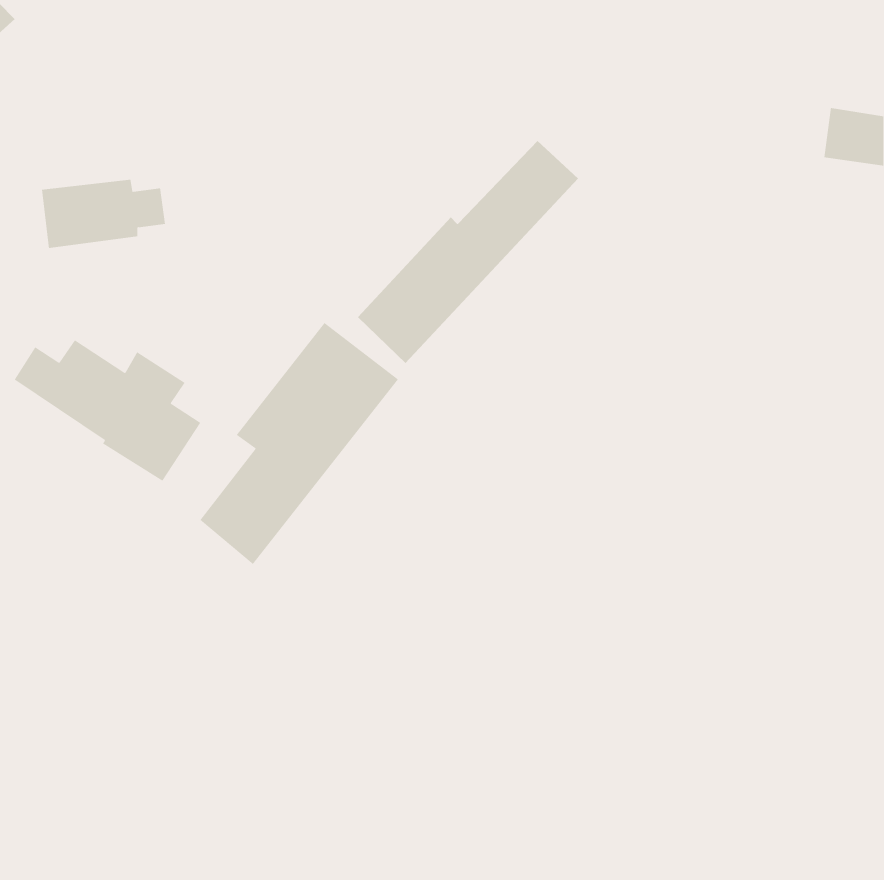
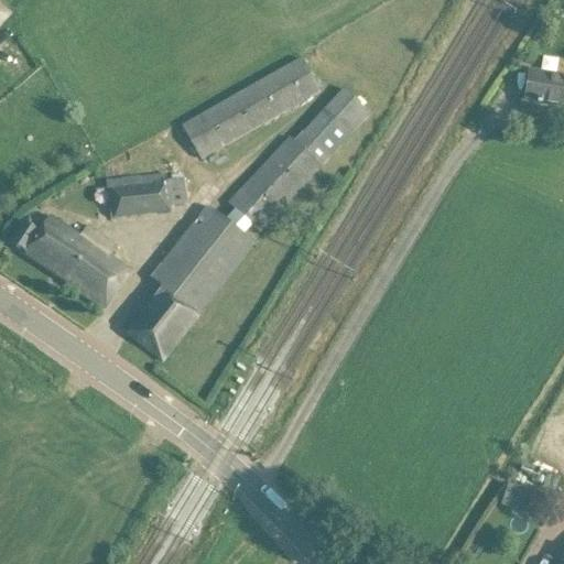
building: none -> [181,57,321,161]
building: [41,179,166,249] -> [107,169,186,213]

